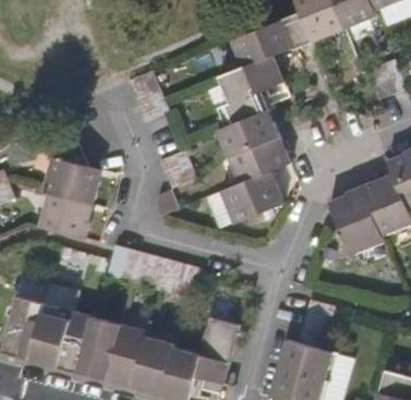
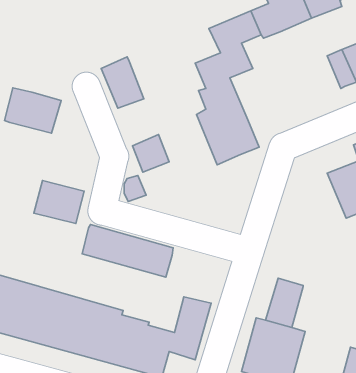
building: [58,161,117,208] -> [5,88,61,133]
building: [222,170,282,222] -> none
building: [326,190,383,256] -> none

